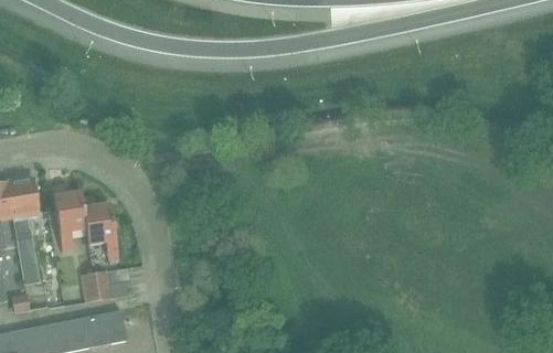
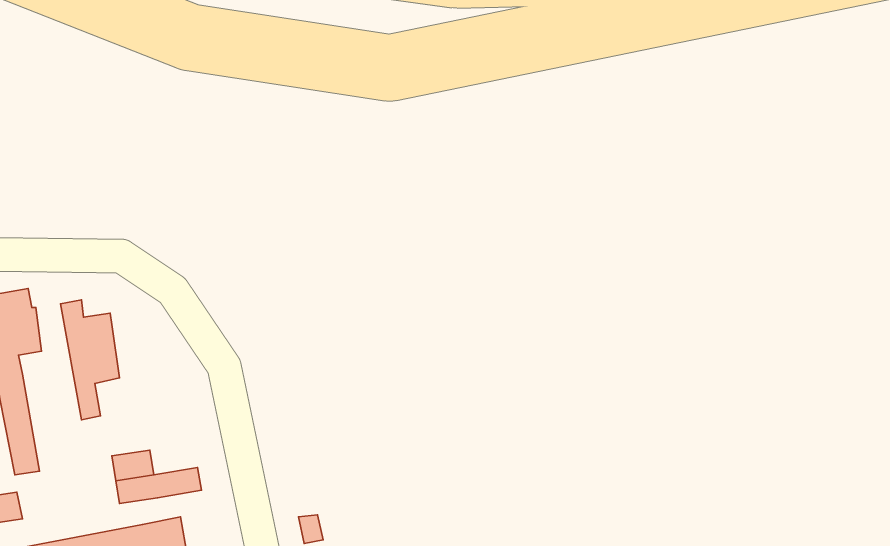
building: [81,196,118,260] -> none

